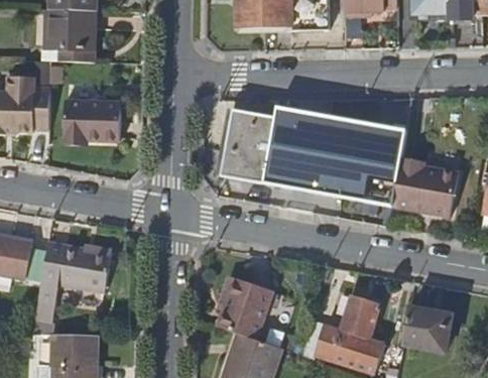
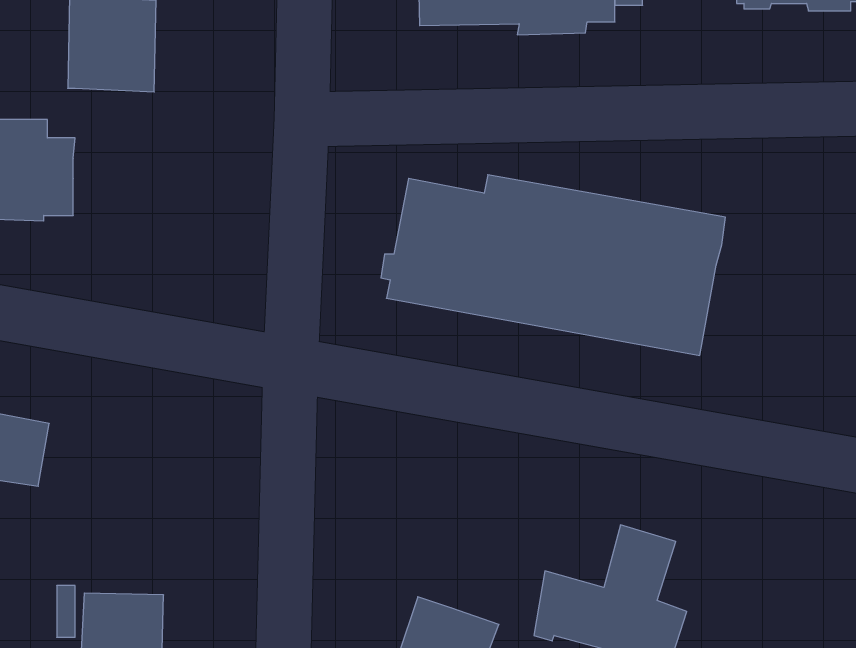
building: [60,100,117,140] -> none
building: [391,155,457,216] -> none
building: [37,241,112,323] -> none
building: [217,279,272,343] -> none
building: [400,307,451,355] -> none

